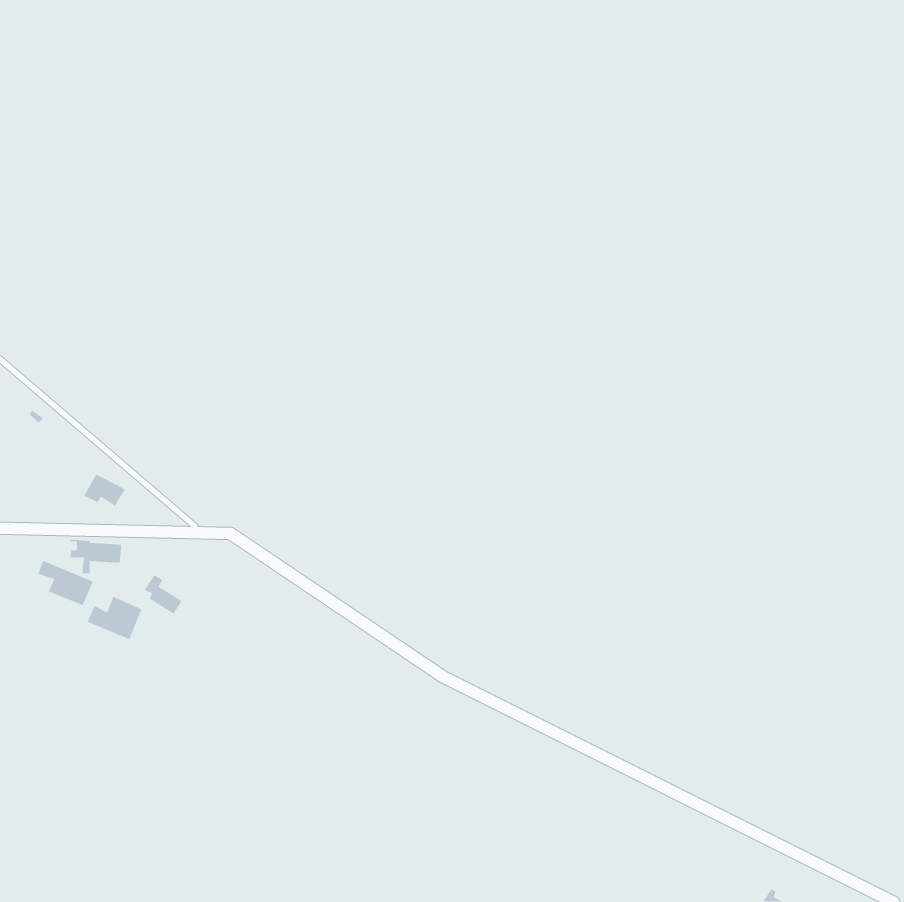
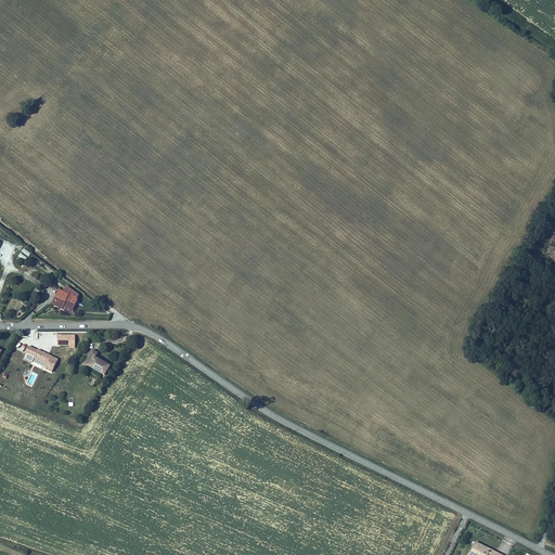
building: [86,596,143,640] -> none

